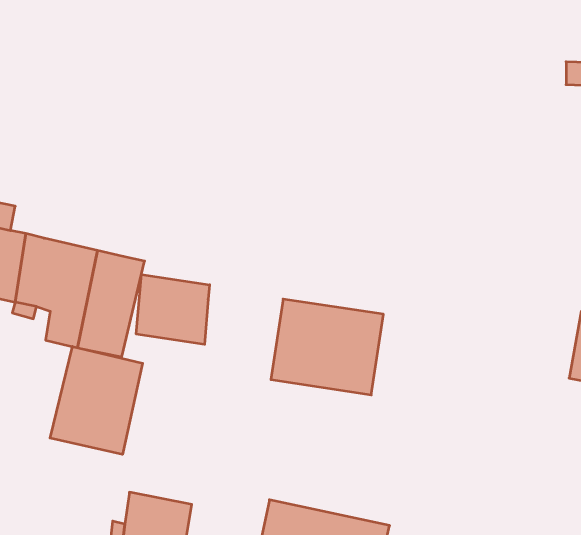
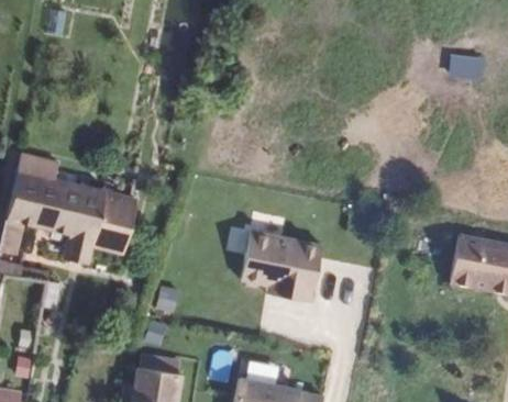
building: [136,274,210,344] -> none
building: [50,346,143,454] -> none

